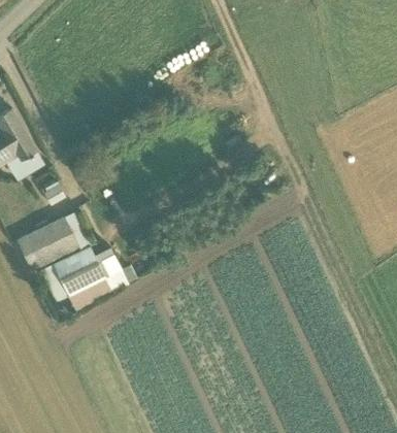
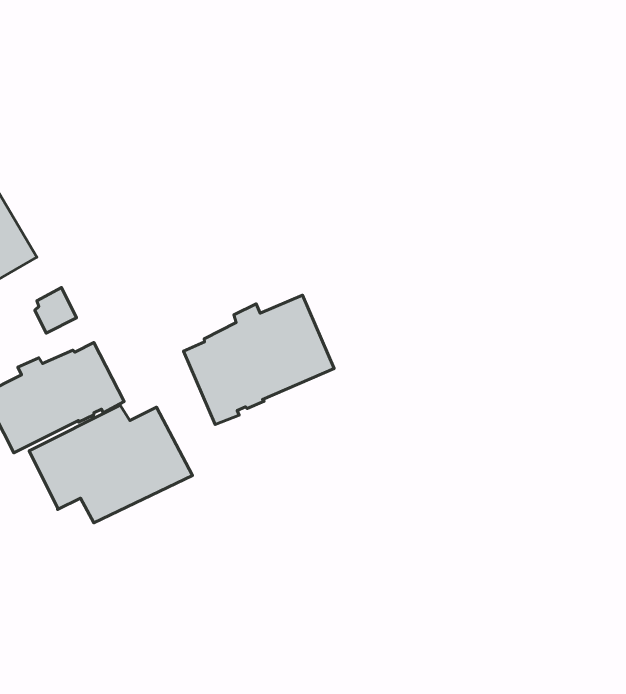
building: none -> [183,295,334,425]

